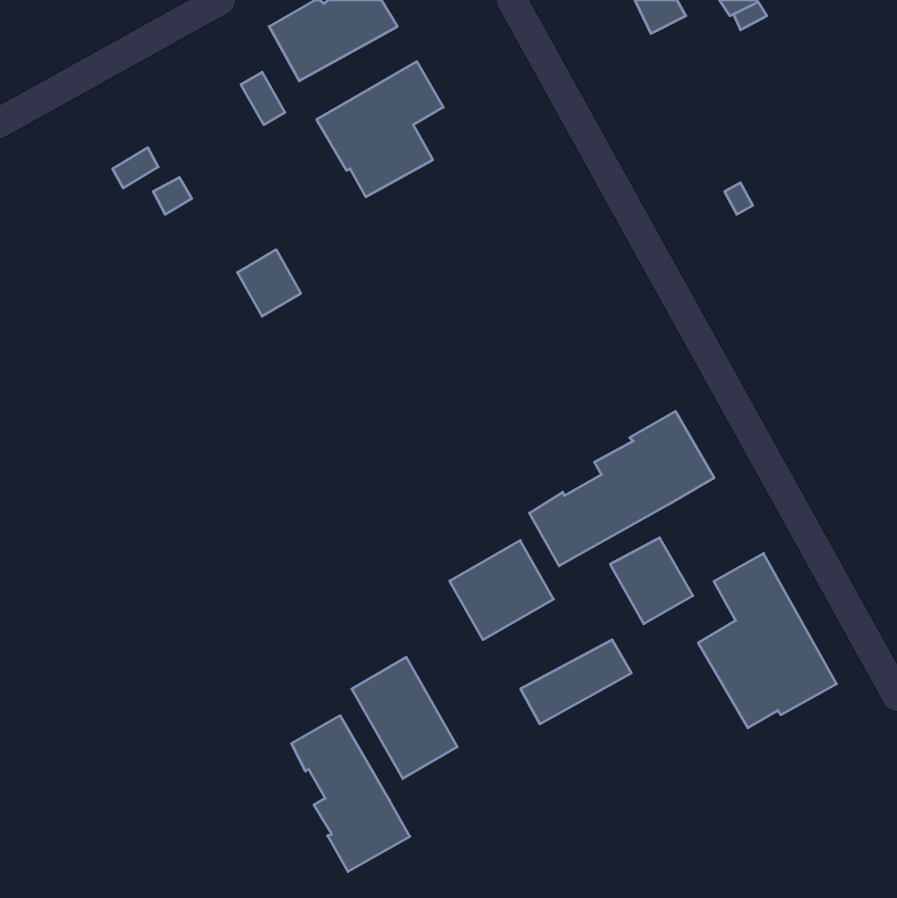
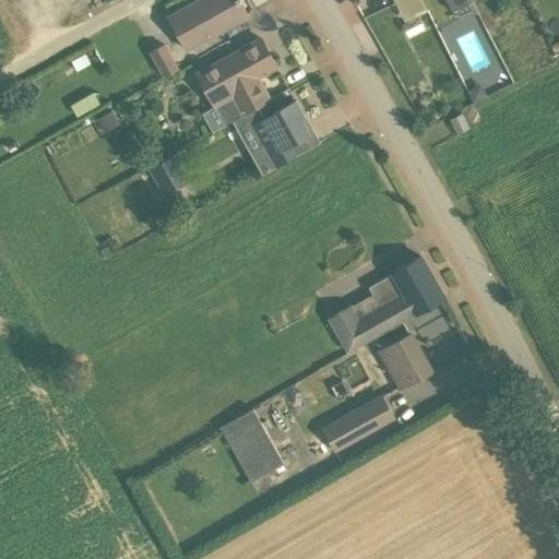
building: none -> [250,100,318,167]
building: [450,540,554,640] -> none
building: [698,553,837,728] -> none
building: [291,716,410,872] -> none

